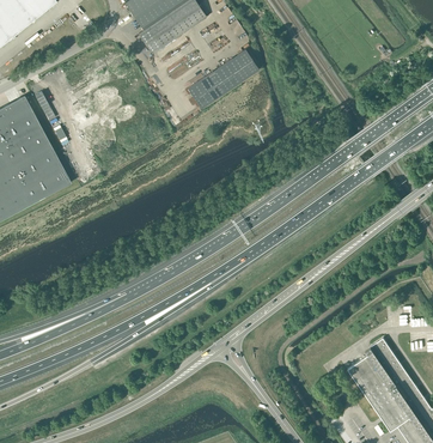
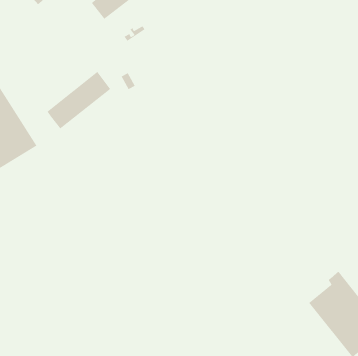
building: [188,49,258,109] -> [46,71,111,130]

